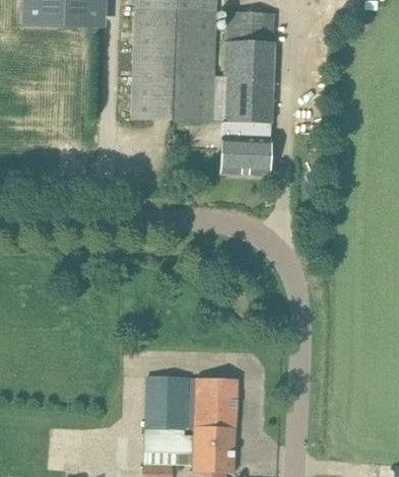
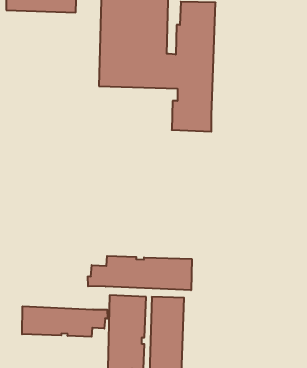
building: none -> [88,256,192,290]
building: none -> [22,306,107,337]

